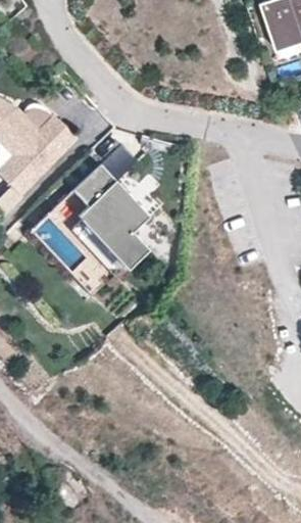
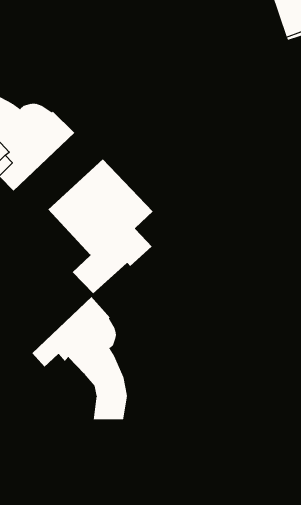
building: none -> [32,296,127,420]

